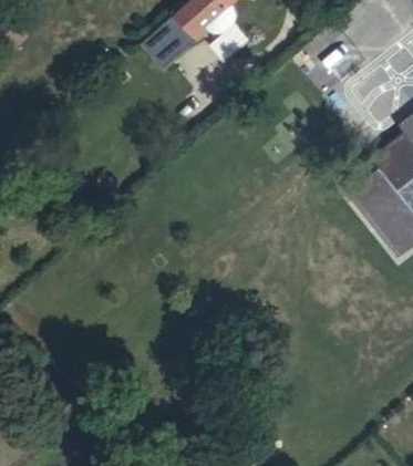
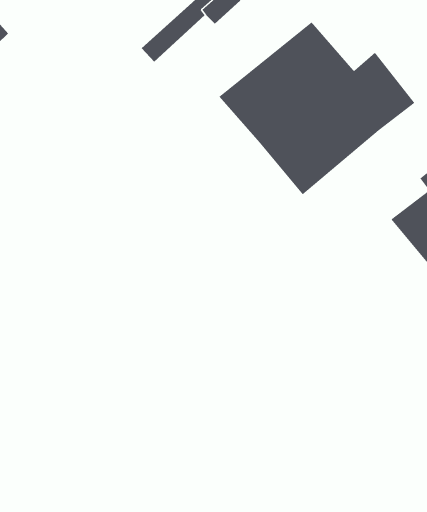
building: none -> [219,22,415,195]

